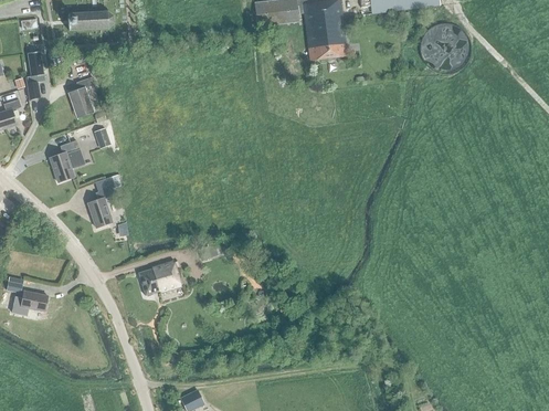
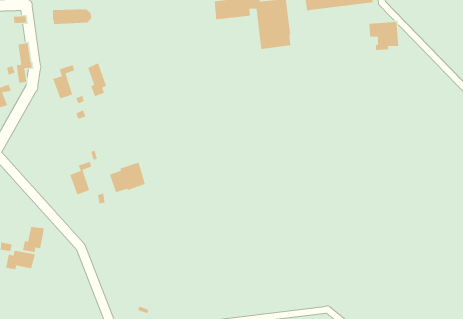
building: none -> [87,62,107,97]
building: [49,139,85,182] -> none
building: [138,259,181,295] -> [109,162,146,193]
building: none -> [22,226,45,253]

